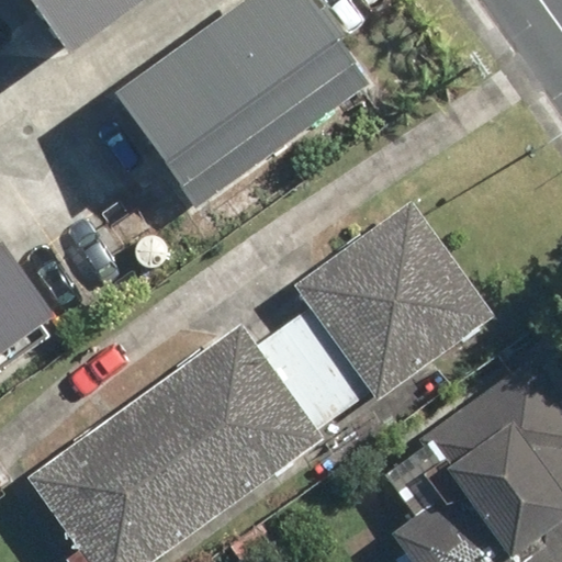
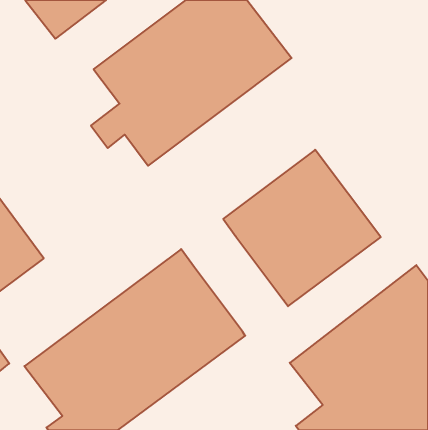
building: [254,308,370,432] -> none

